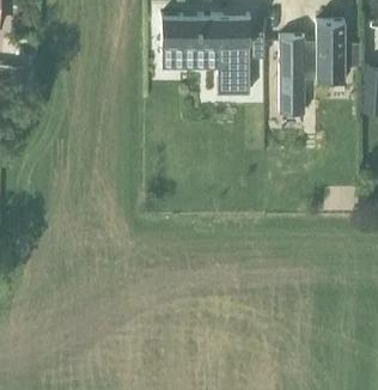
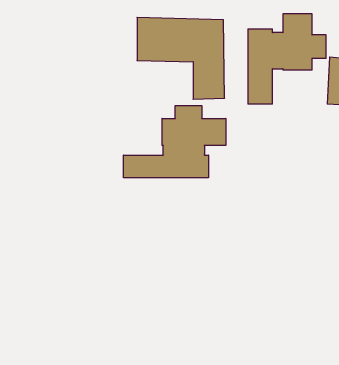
building: none -> [124,106,226,178]

